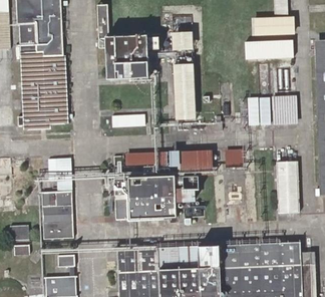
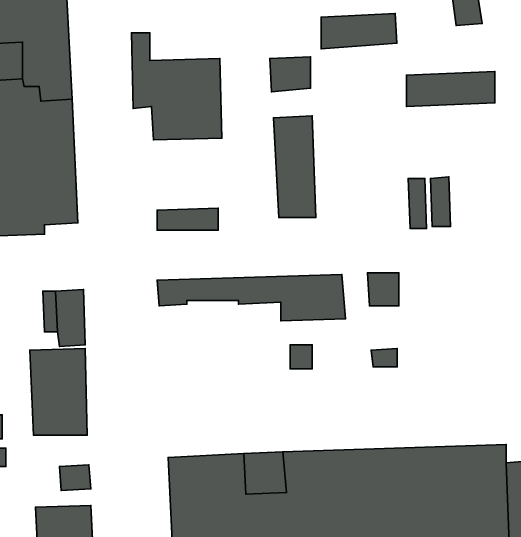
building: [255,16,296,35] -> [321,14,397,49]
building: [274,96,297,123] -> none
building: [275,147,299,212] -> none
building: [114,175,176,218] -> none

